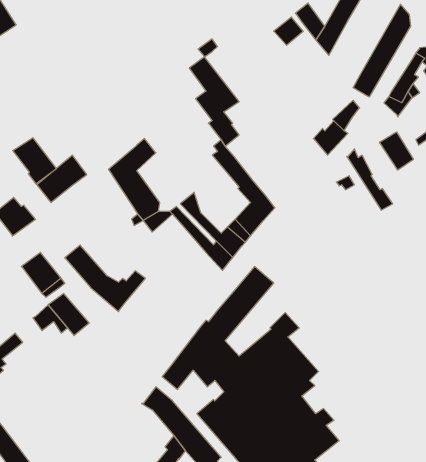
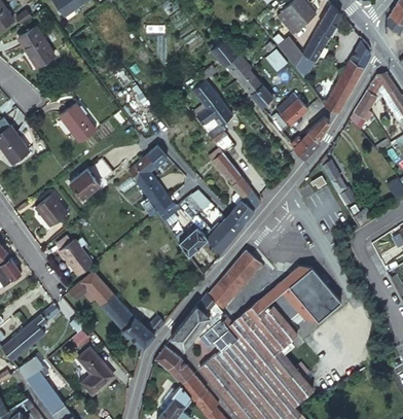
building: none -> [212,39,274,108]
building: none -> [278,94,308,124]
building: [380,132,413,170] -> none
building: [13,138,56,184] -> [61,104,96,141]
building: none -> [179,222,207,255]
building: [65,245,145,312] -> [101,294,166,348]
building: none -> [276,265,340,320]
building: none -> [78,348,114,394]

